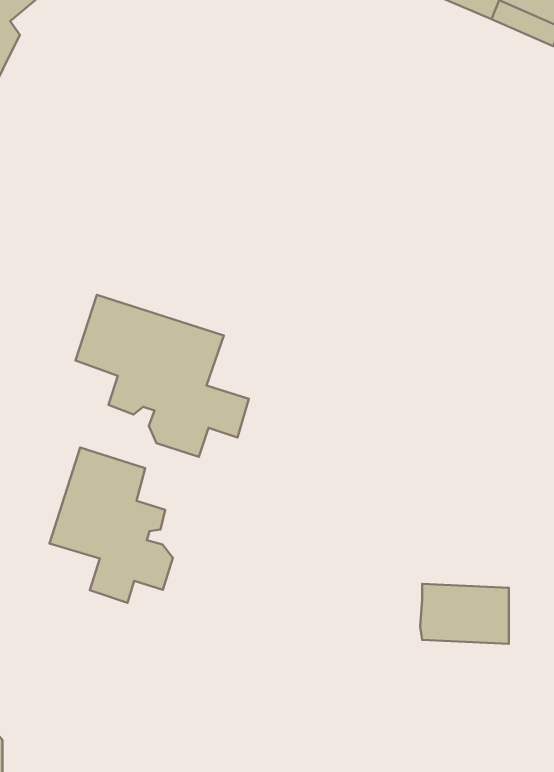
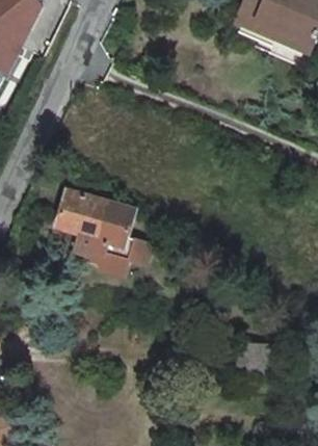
building: [50,448,173,603] -> none

